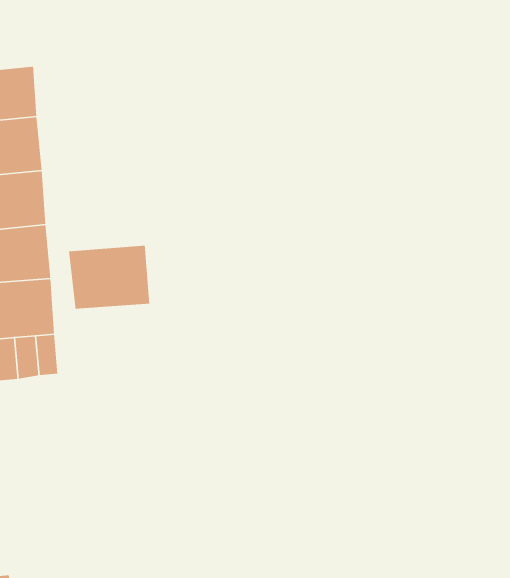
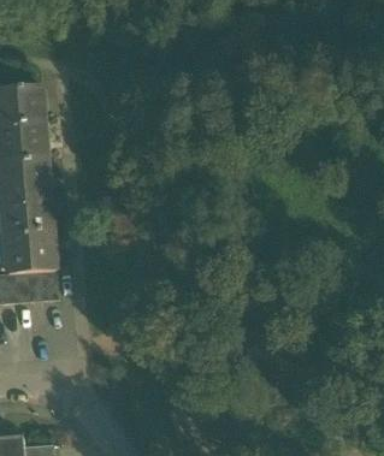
building: [68,245,150,310] -> none

